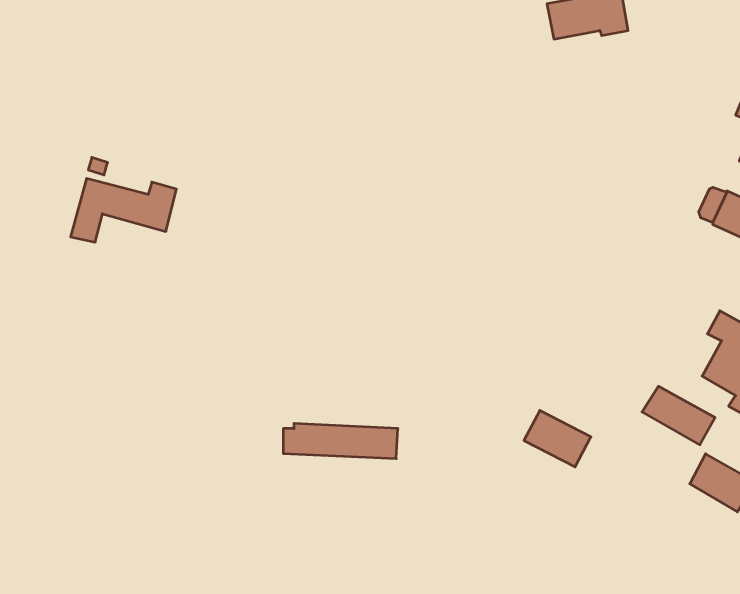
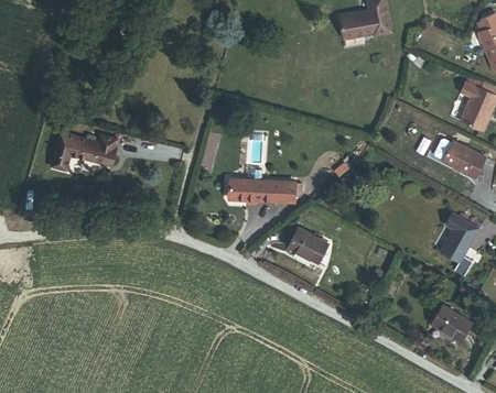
building: [642,386,715,445] -> none
building: [524,410,591,467] -> [296,227,338,262]
building: [283,423,398,459] -> [219,179,291,201]

